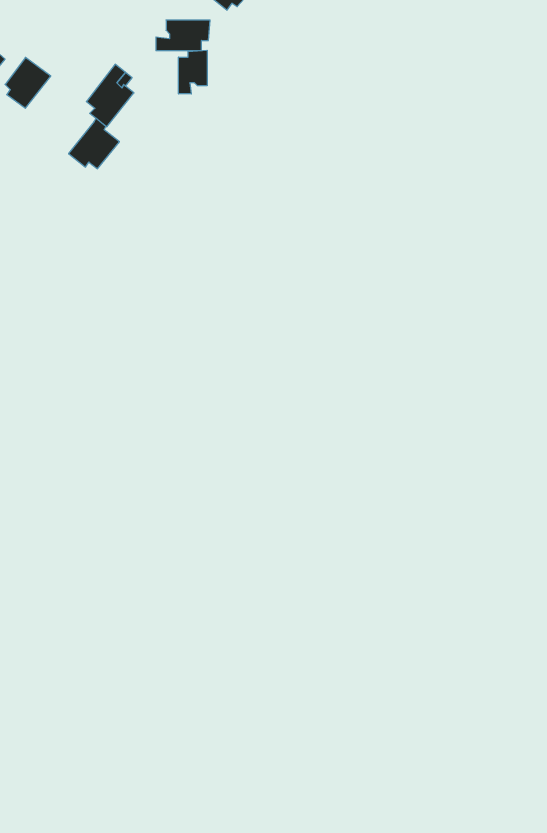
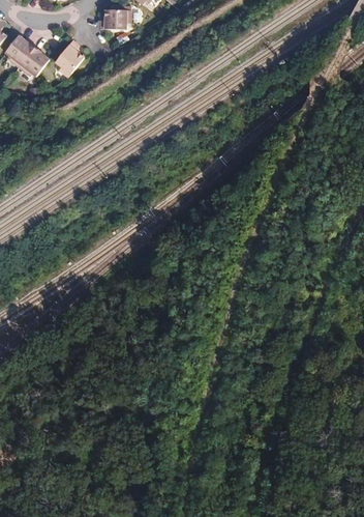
building: [179,50,207,94] -> none
building: [69,118,119,169] -> [17,45,48,76]

